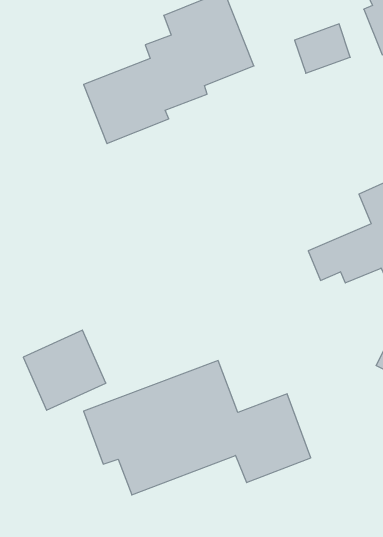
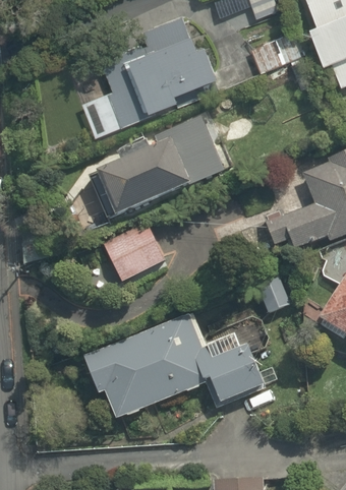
building: none -> [88,116,224,220]
building: [23,330,106,410] -> [102,219,170,285]

